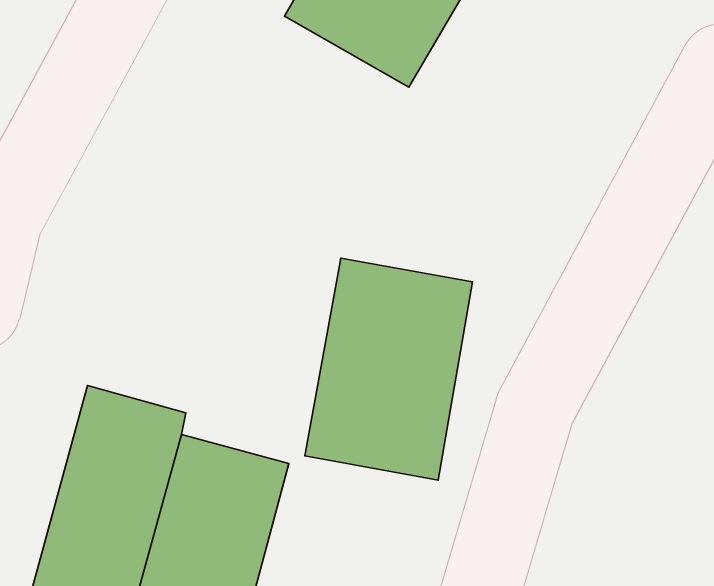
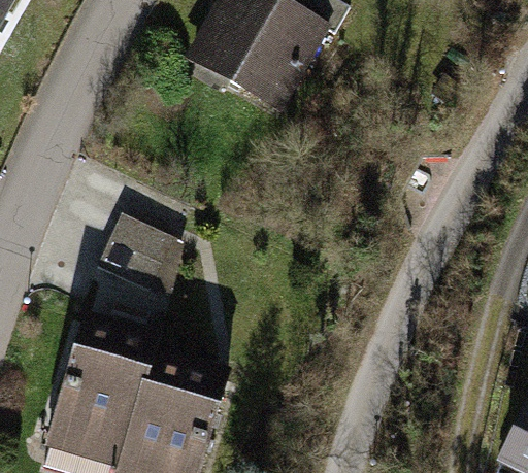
building: [305,258,472,480] -> none
building: none -> [99,236,178,307]

